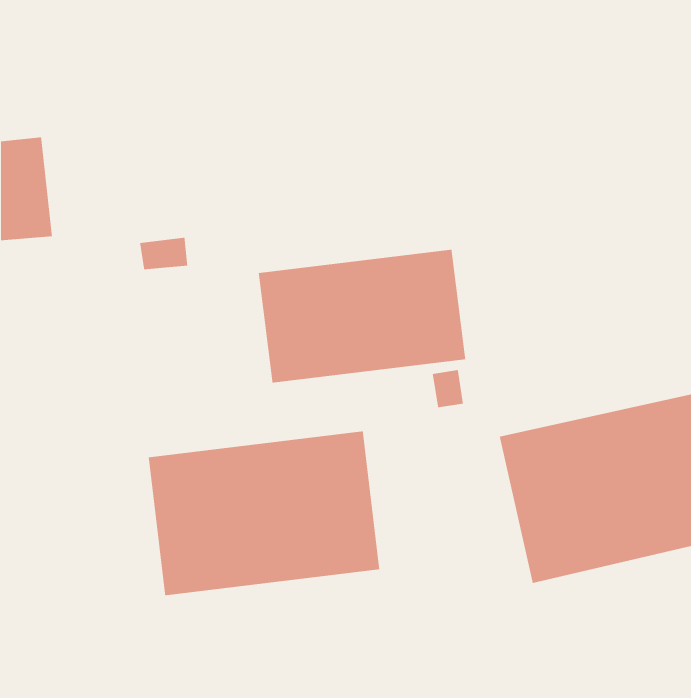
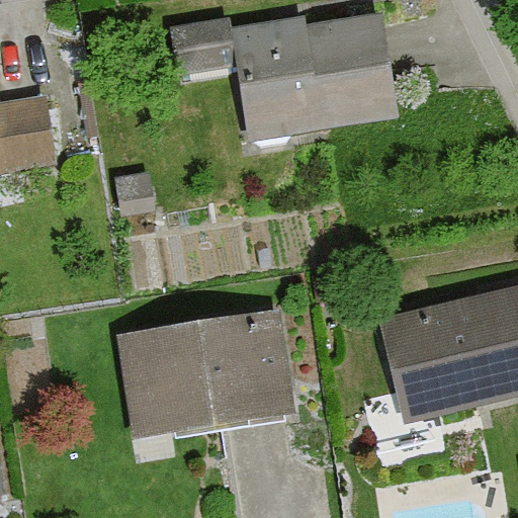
building: none -> [170,15,401,144]
building: [258,249,466,384] -> none

